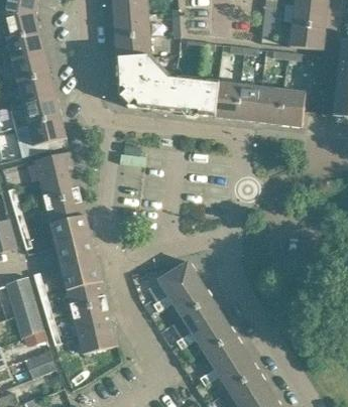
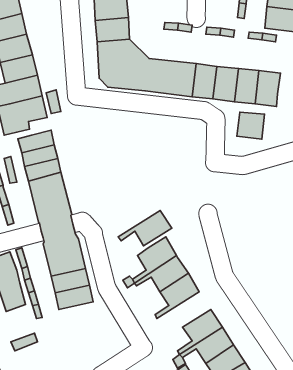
building: none -> [237,112,265,139]
building: [179,316,234,353] -> [118,210,172,246]
building: [78,326,117,353] -> none

